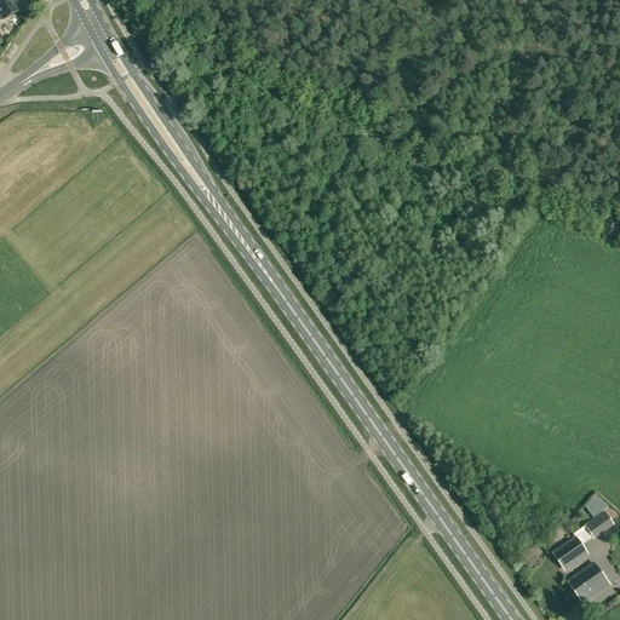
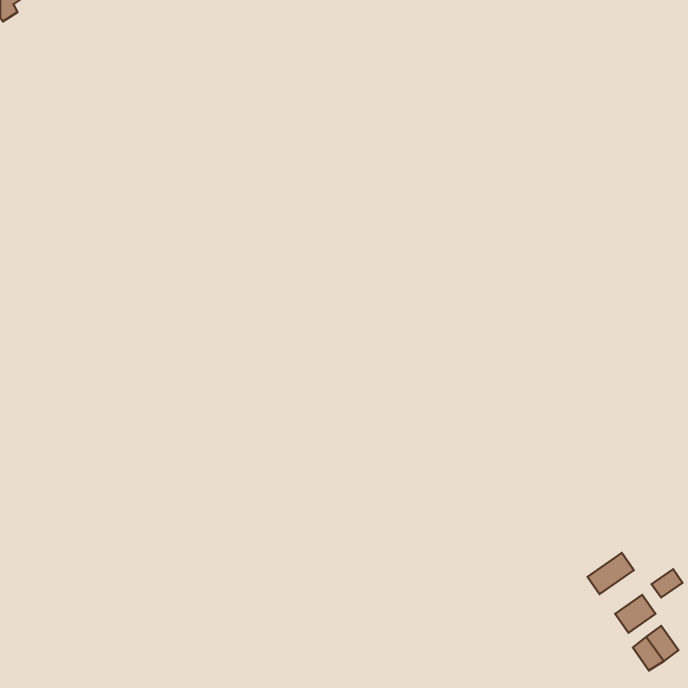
building: none -> [588,553,634,594]

